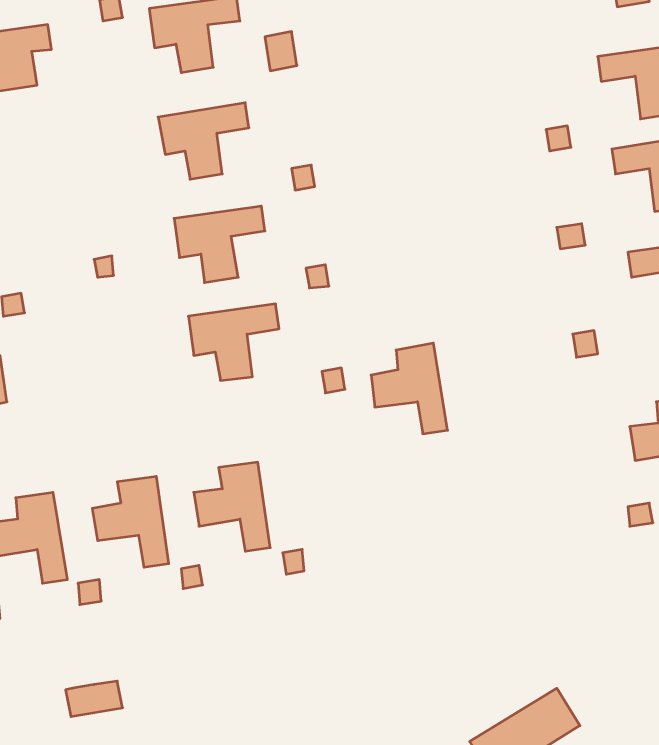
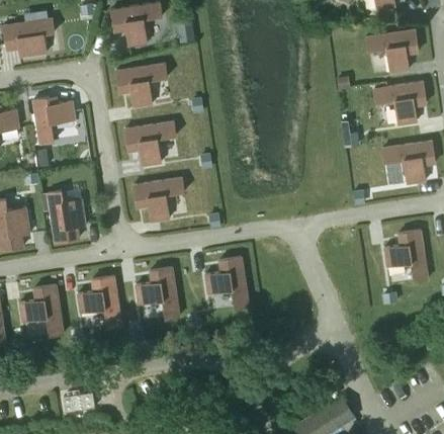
building: none -> [32,97,75,144]
building: none -> [48,190,86,242]
building: [371,343,448,434] -> [205,256,249,308]

